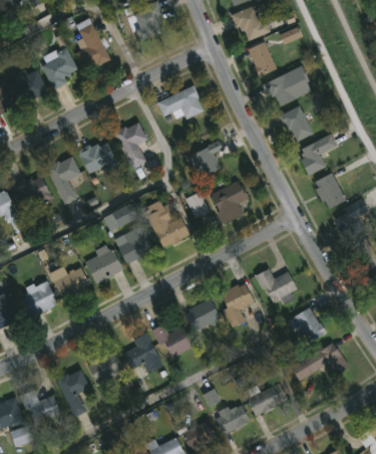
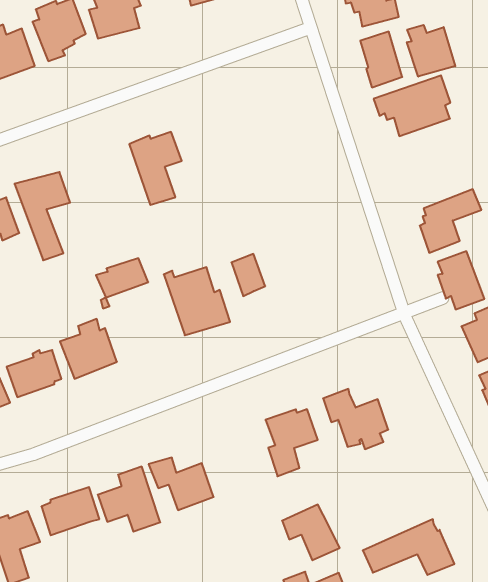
building: none -> [407,25,455,77]
building: [157,84,204,119] -> none
building: [279,104,314,141] -> none
building: [189,140,224,179] -> none
building: [77,142,118,173] -> none
building: [211,181,250,224] -> none
building: [115,225,155,263] -> none
building: [184,298,221,332] -> none
building: [289,307,327,343] -> [282,505,340,560]

